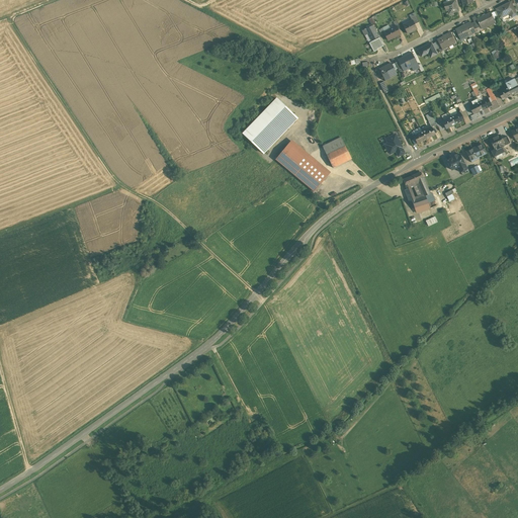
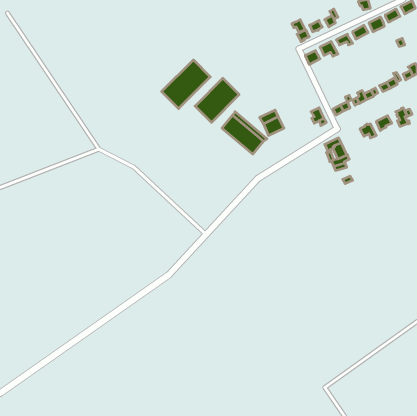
building: none -> [162,60,210,109]

